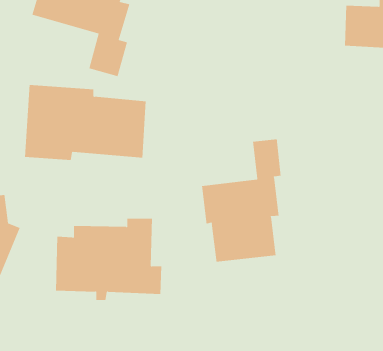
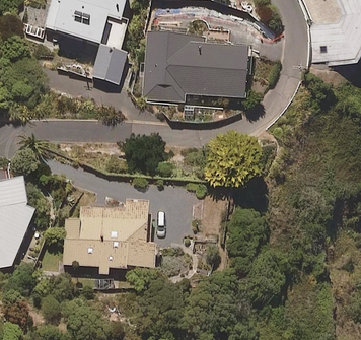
building: [24,84,147,161] -> [141,35,245,99]
building: [201,139,281,262] -> none

